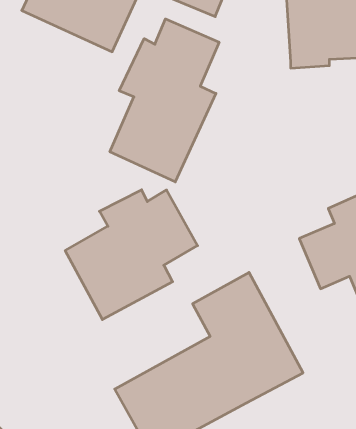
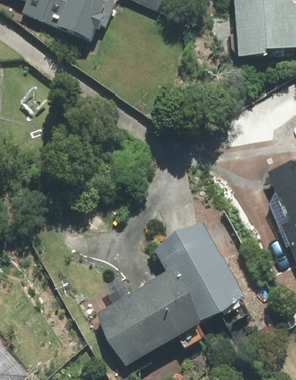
building: [110,19,219,182] -> none
building: [65,190,198,320] -> none

